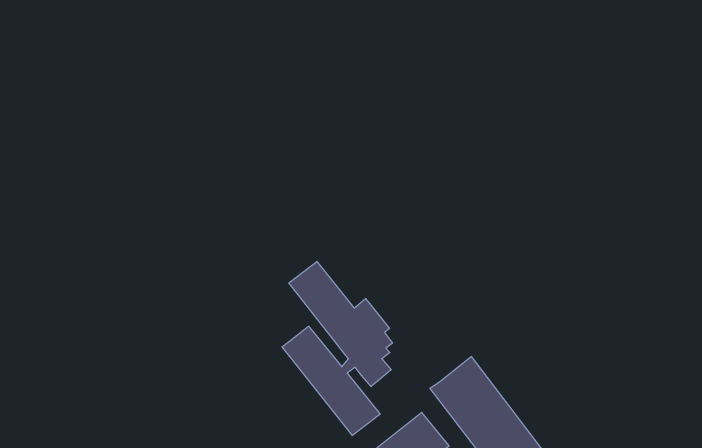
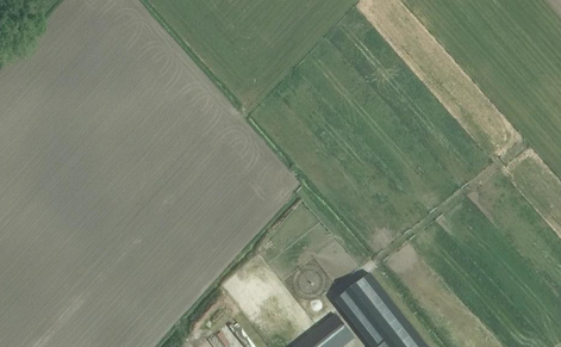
building: [282,261,393,436] -> none

